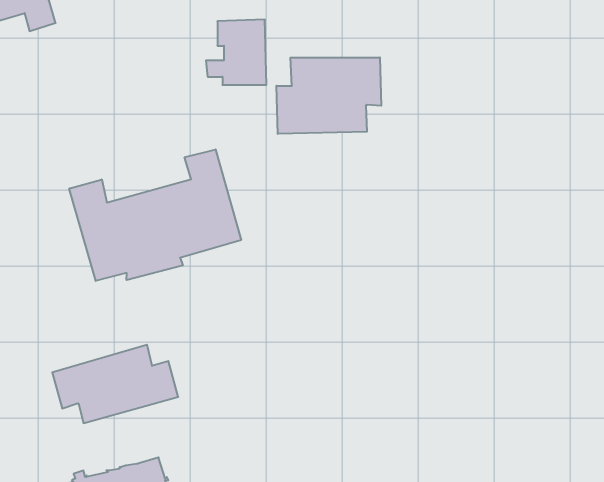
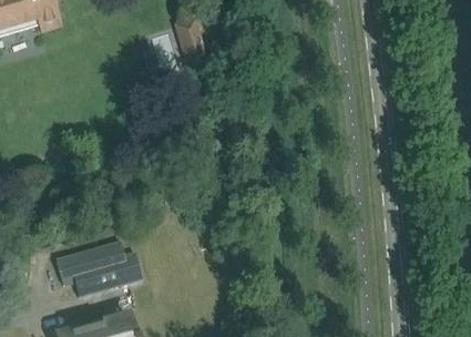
building: [276,57,381,134] -> none
building: [69,149,241,281] -> none

